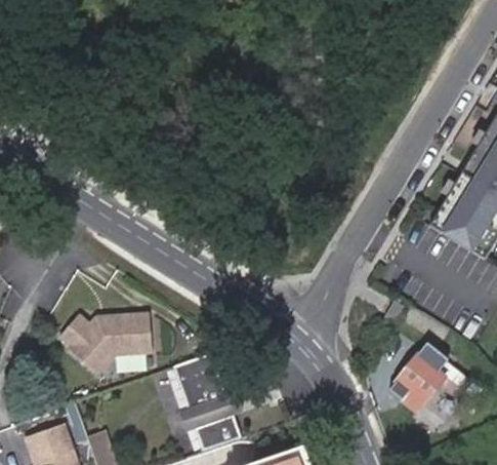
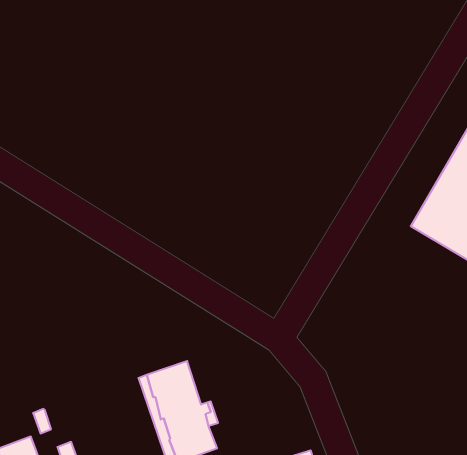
building: [63,311,151,362] -> none
building: [388,343,450,414] -> none

